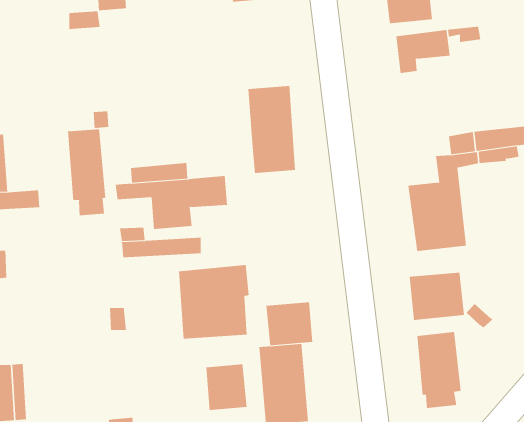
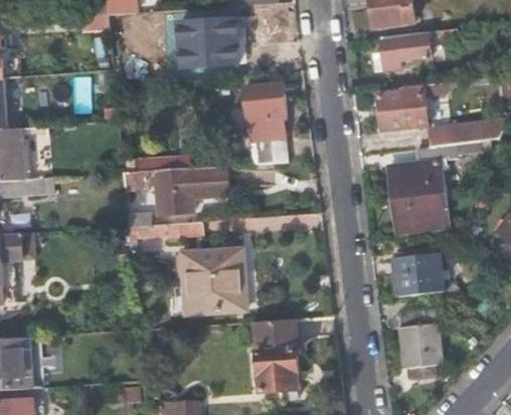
building: none -> [177,17,240,67]
building: none -> [377,84,428,137]
building: [67,129,106,216] -> none
building: [266,301,313,346] -> none
building: [206,364,247,411] -> none

